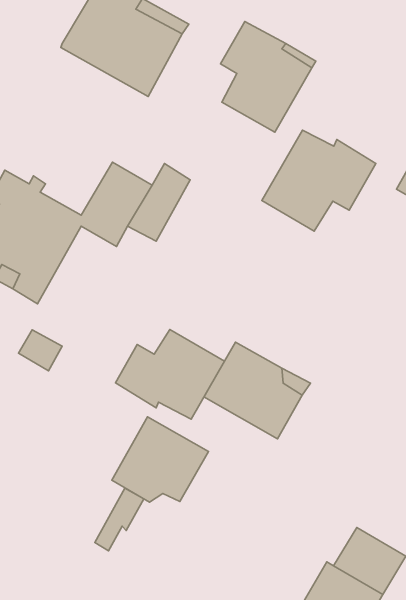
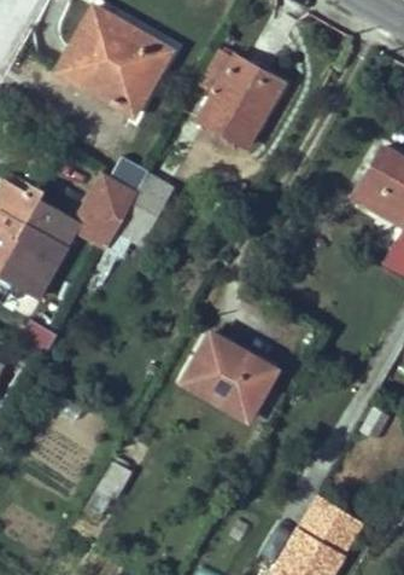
building: [262,130,376,231] -> none
building: [115,329,224,419] -> none
building: [112,417,208,502] -> none

